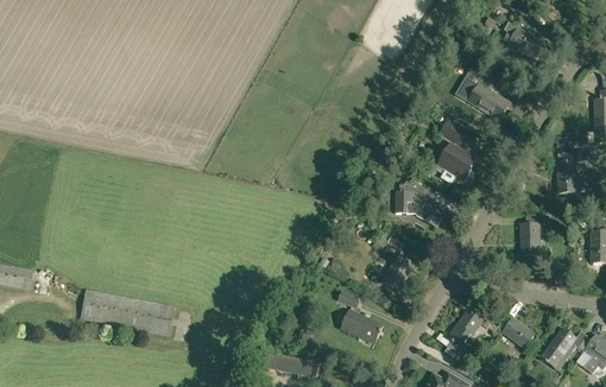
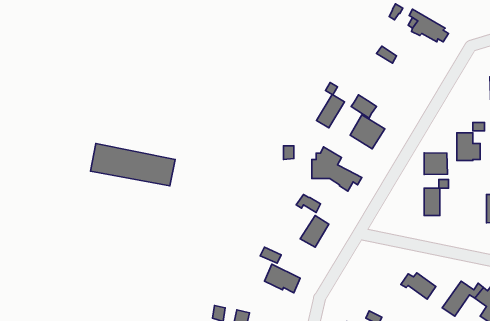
building: [469,84,510,118] -> none
building: none -> [317,82,344,128]
building: none -> [424,153,448,175]
building: [80,287,175,335] -> [91,144,175,186]
building: [448,310,493,356] -> none

